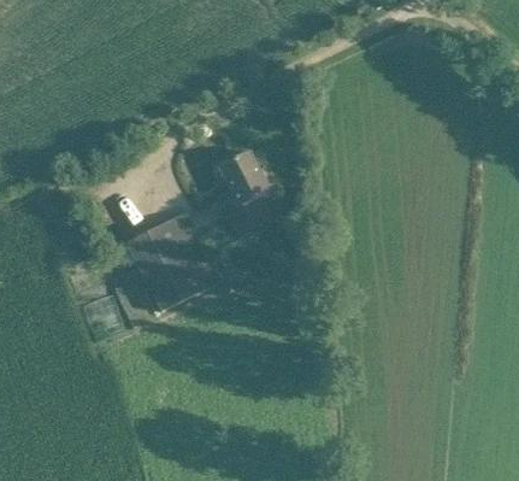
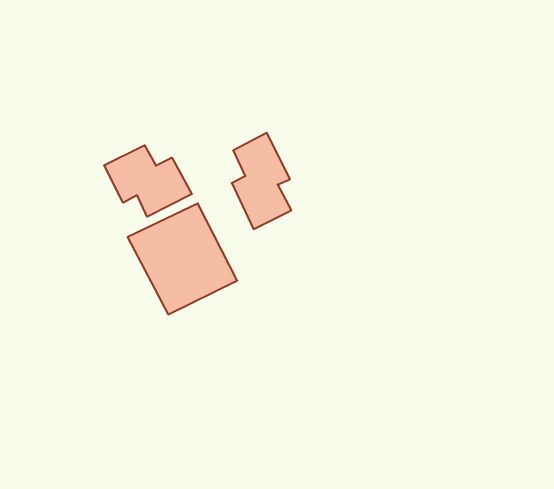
building: none -> [104,145,192,217]

